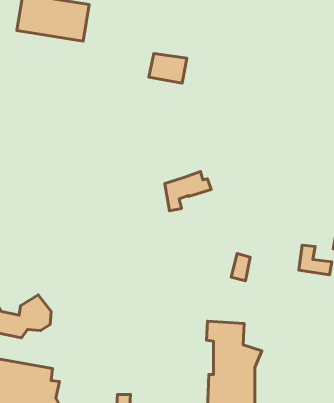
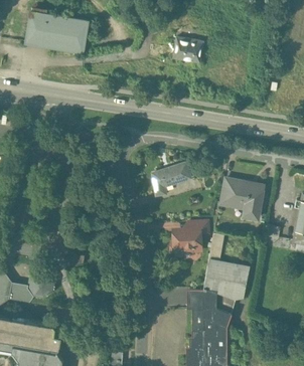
building: [149,54,187,83] -> [173,35,205,60]
building: none -> [225,178,262,214]
building: none -> [170,227,200,253]
building: none -> [205,257,250,296]

